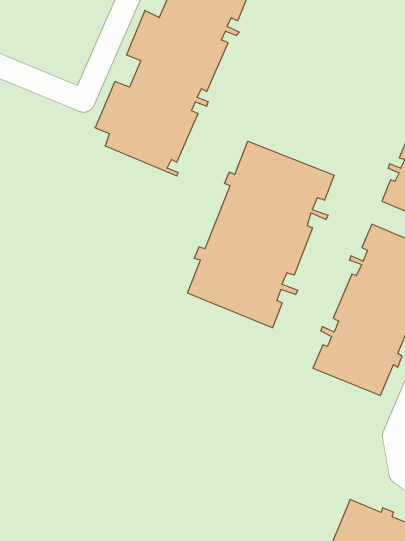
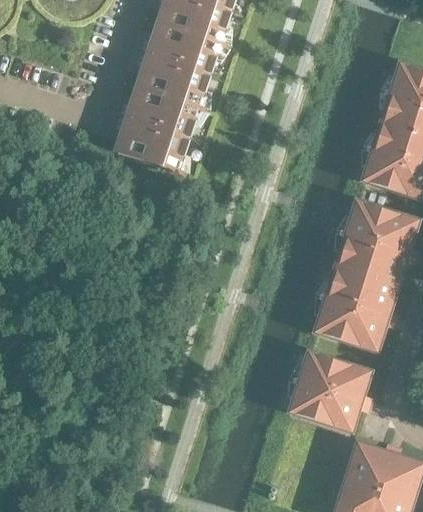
building: [187,141,334,328] -> none
building: none -> [289,350,368,428]

